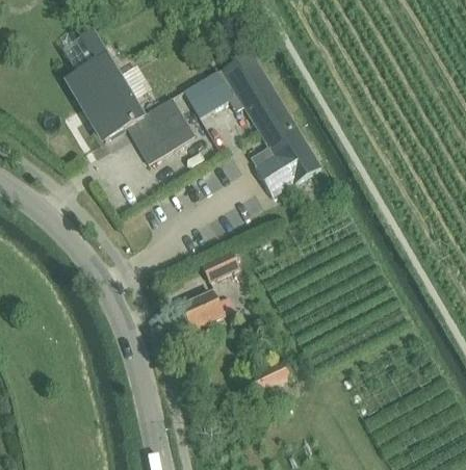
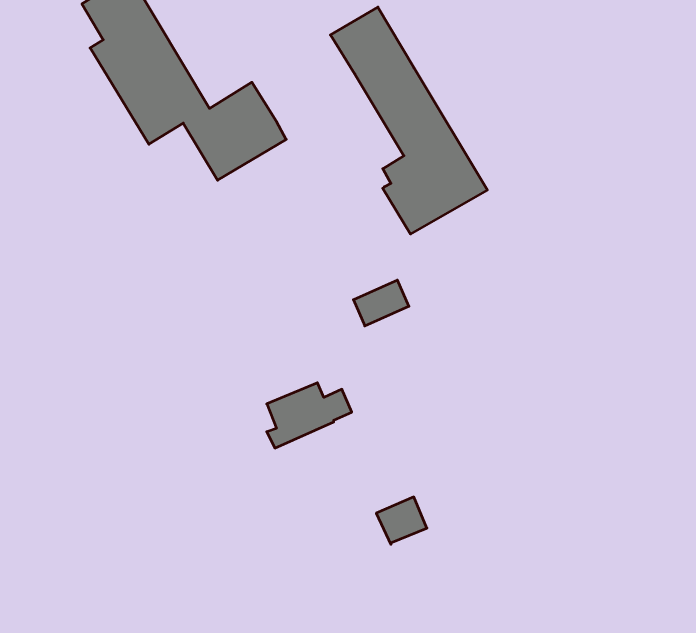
building: [184,69,236,116] -> none
building: [202,252,237,281] -> [353,280,409,326]

